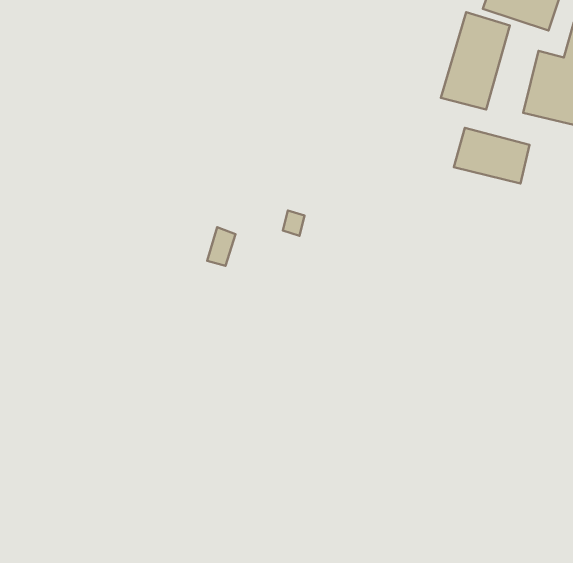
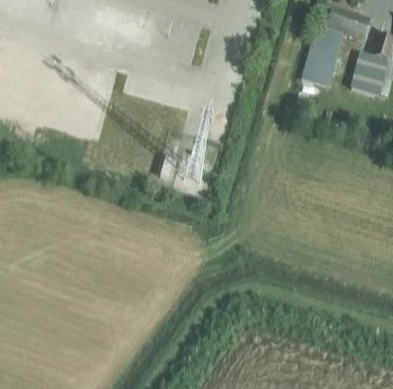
building: [454,128,530,183] -> none

